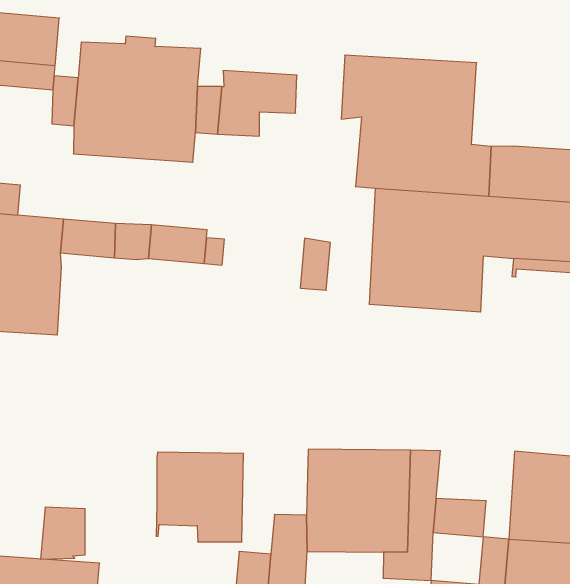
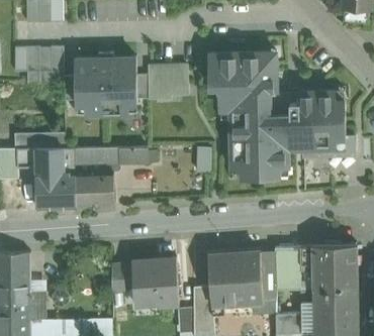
building: none -> [76,171,114,207]
building: none -> [275,247,300,272]
building: [41,507,85,559] -> [112,264,134,292]

